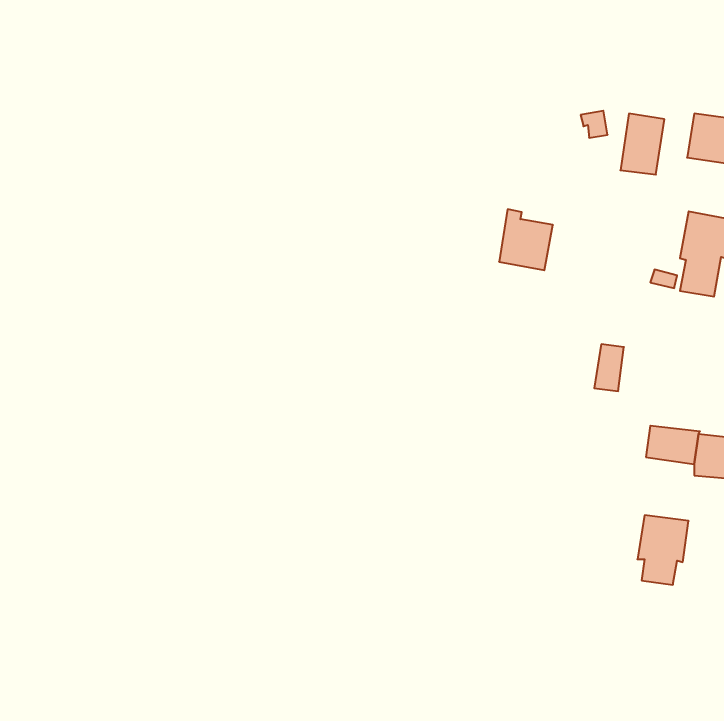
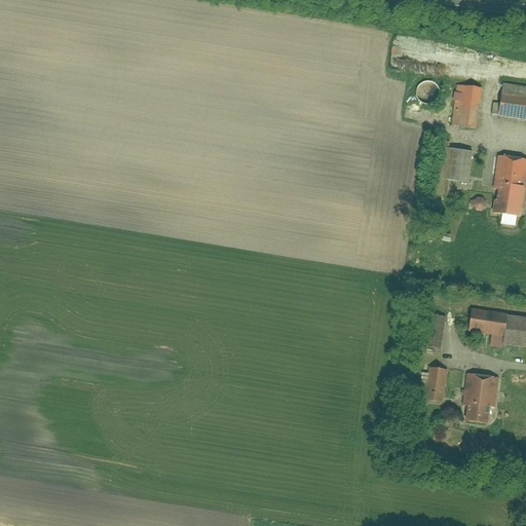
building: [499,209,553,270] -> [434,138,473,182]
building: [594,344,624,391] -> [424,313,446,347]
building: none -> [412,367,448,404]

